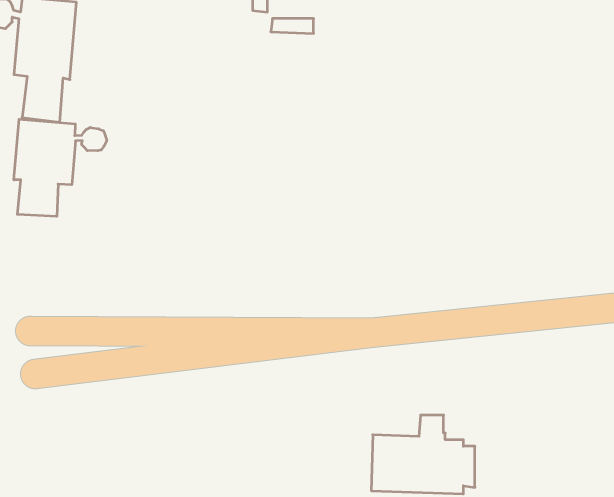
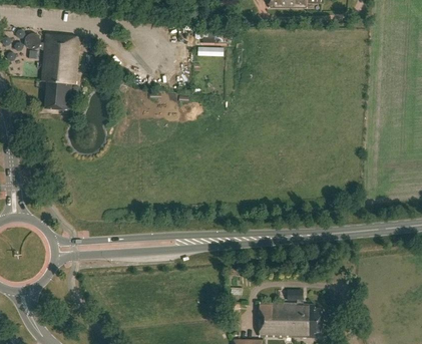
building: [14,119,107,216] -> none

